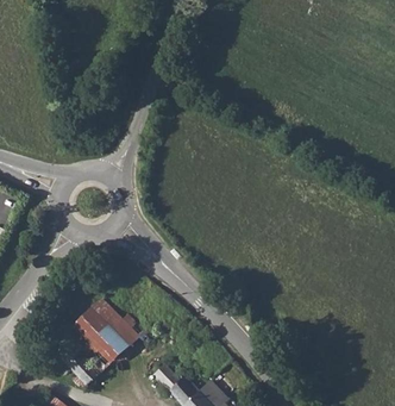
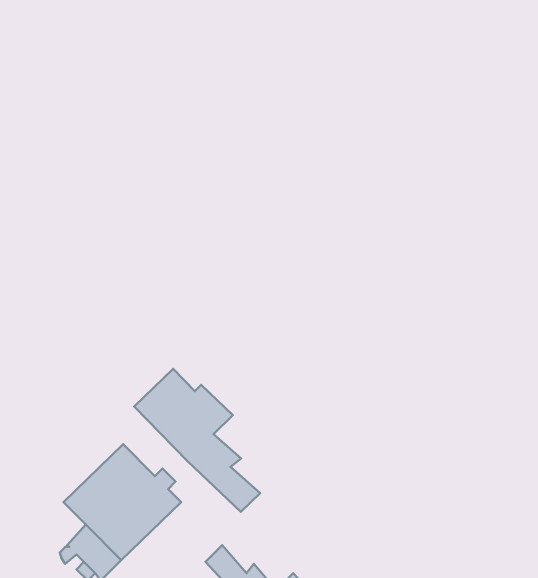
building: none -> [134,369,260,512]

